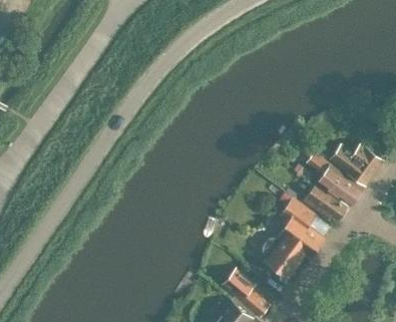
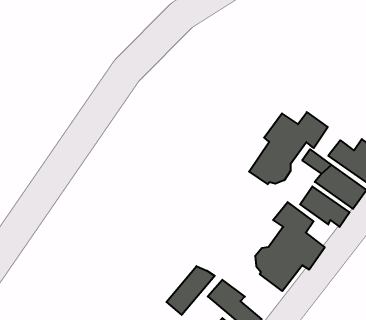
building: none -> [249,112,328,184]
building: none -> [166,266,215,315]

